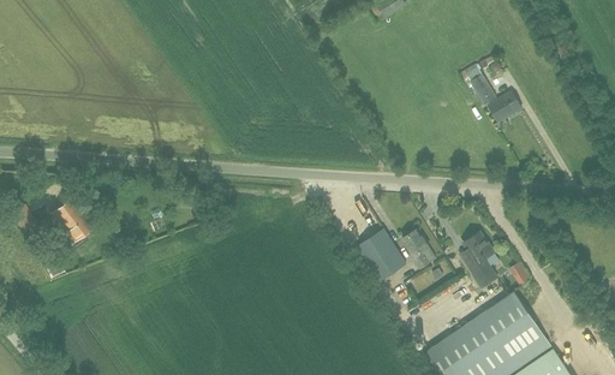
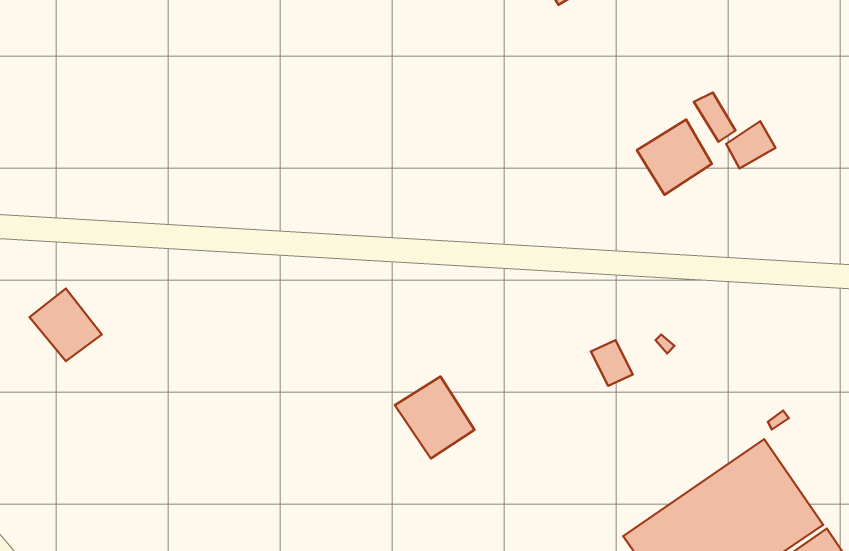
building: none -> [637,119,712,195]
building: [354,228,405,280] -> [395,377,475,459]
building: [459,231,496,286] -> none

